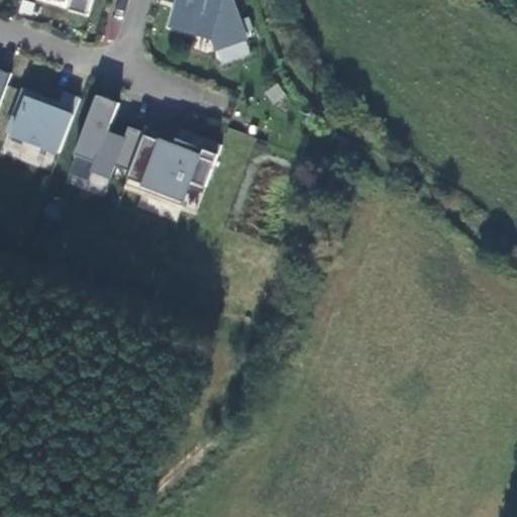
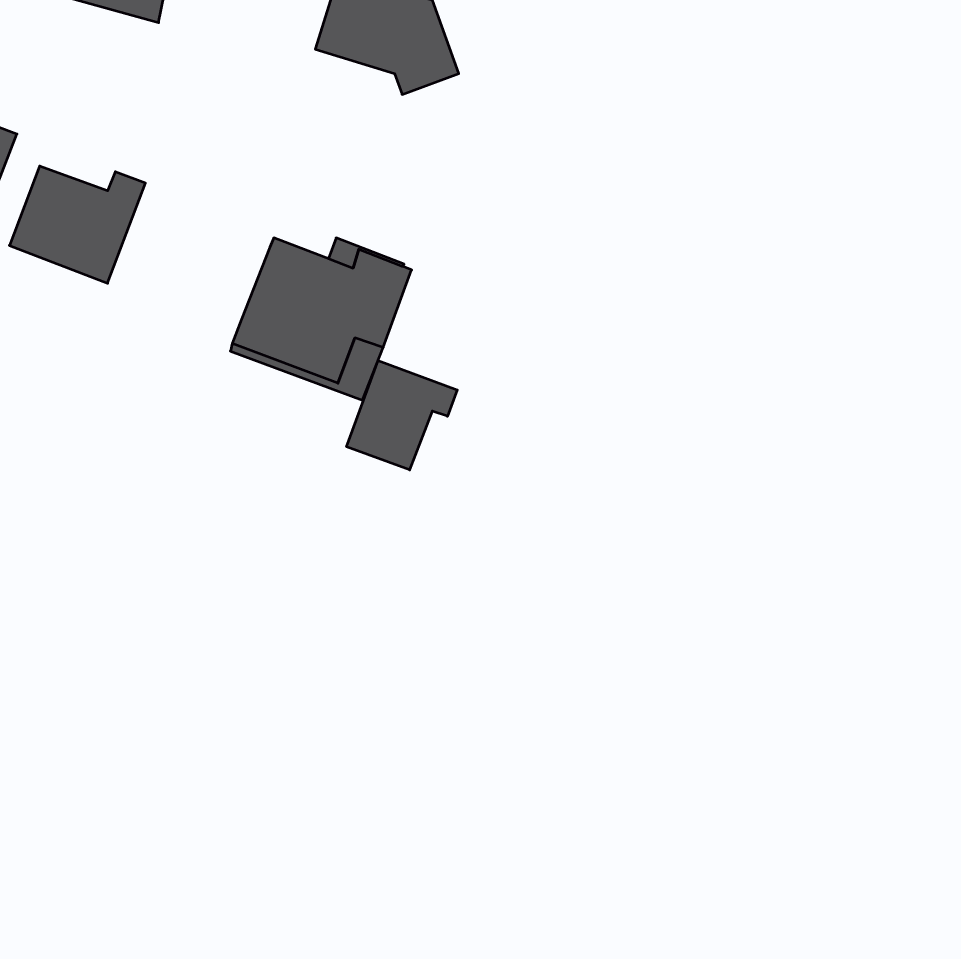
building: [74,95,144,178] -> none
building: none -> [347,360,457,470]

